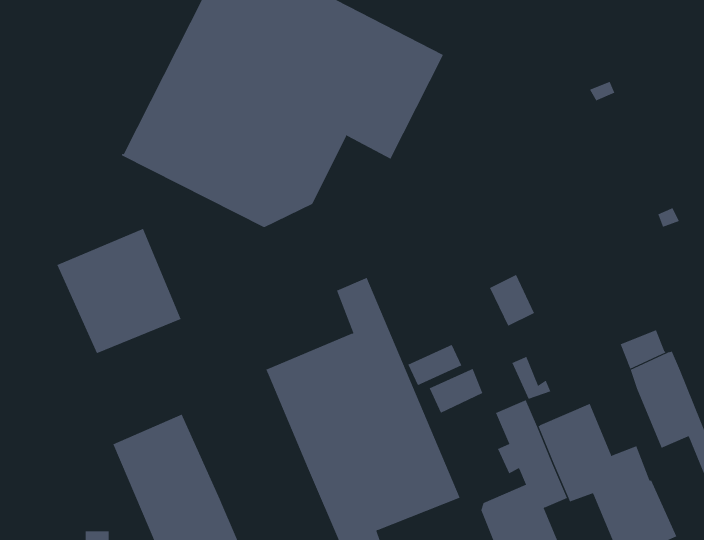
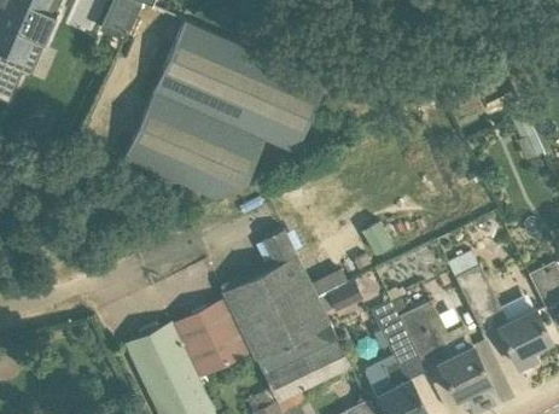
building: [56,228,182,354] -> [170,296,252,378]

